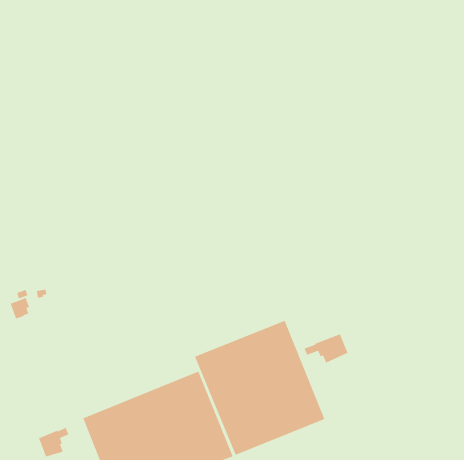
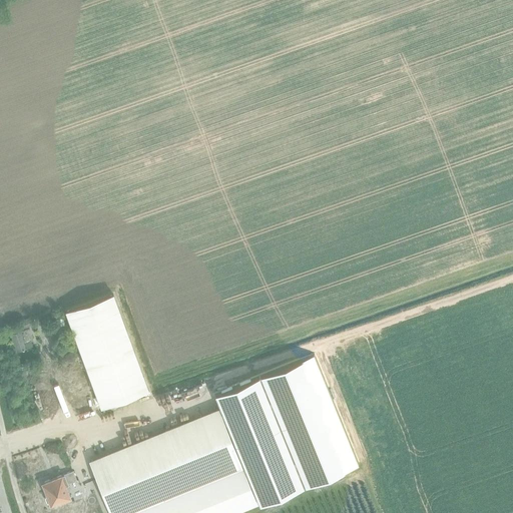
building: none -> [65,298,148,412]
building: [304,334,348,364] -> none

